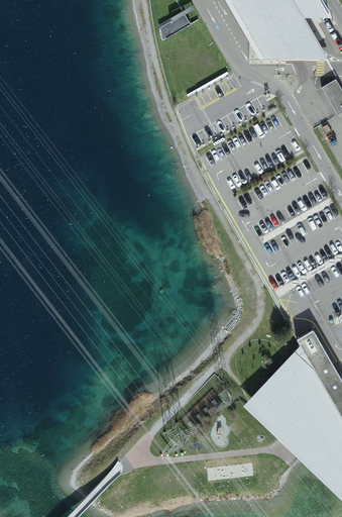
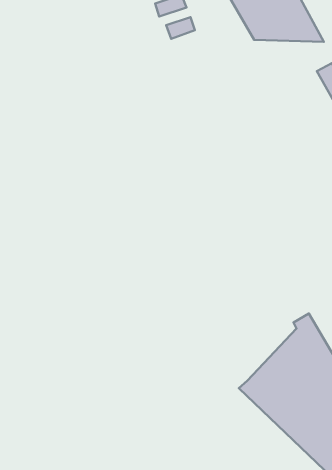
building: none -> [166,17,195,39]

